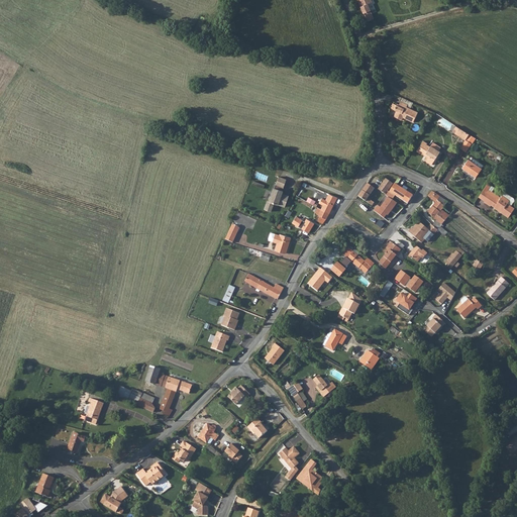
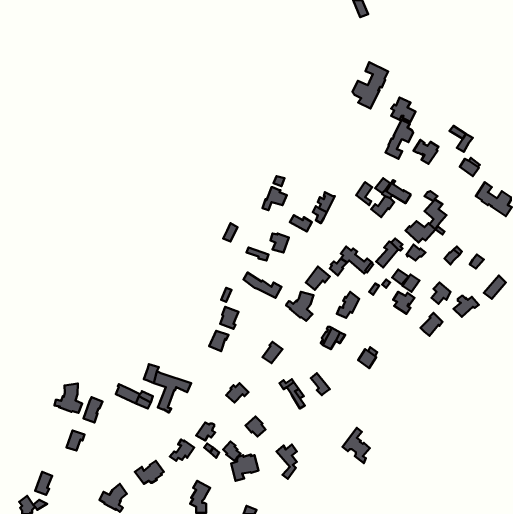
building: none -> [353,62,388,108]
building: none -> [386,120,413,159]
building: none -> [286,292,314,321]
building: none -> [55,384,82,413]
building: none -> [231,454,259,481]
building: [296,459,323,495] -> [343,428,370,463]

